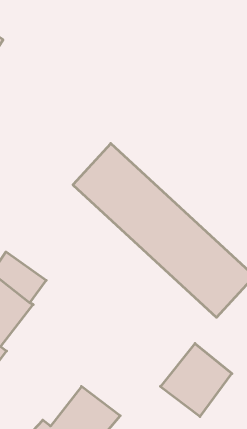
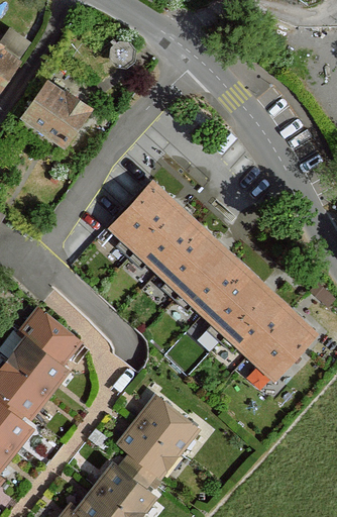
building: none -> [27,81,97,149]
building: [160,343,232,417] -> [118,394,202,480]

